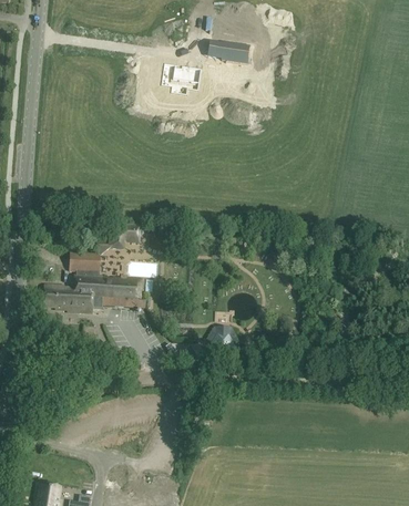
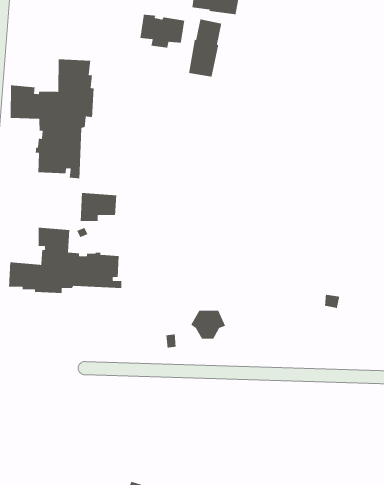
building: none -> [188,18,222,77]
building: none -> [10,59,95,179]

